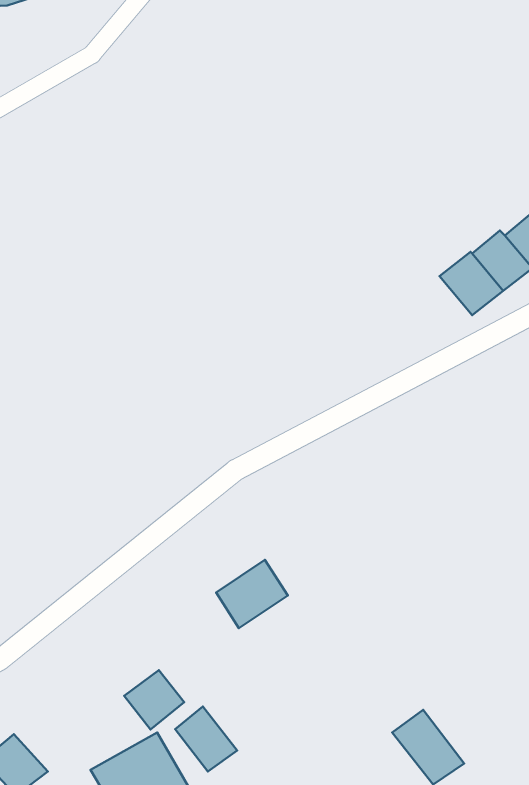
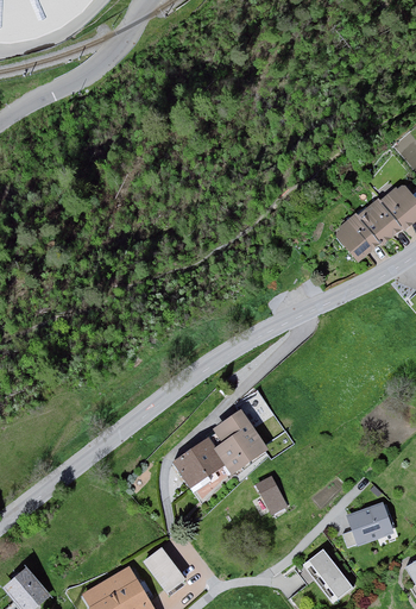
building: none -> [214,412,266,471]
building: none -> [253,473,288,515]
building: none -> [346,503,392,545]
building: [124,670,184,730] -> none

